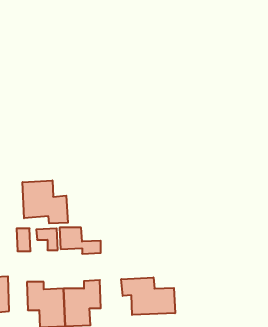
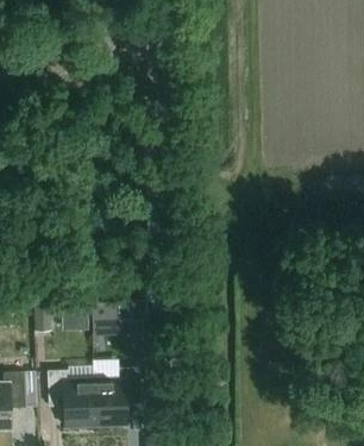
building: [23,180,68,223] -> none
building: [121,277,175,315] -> none

